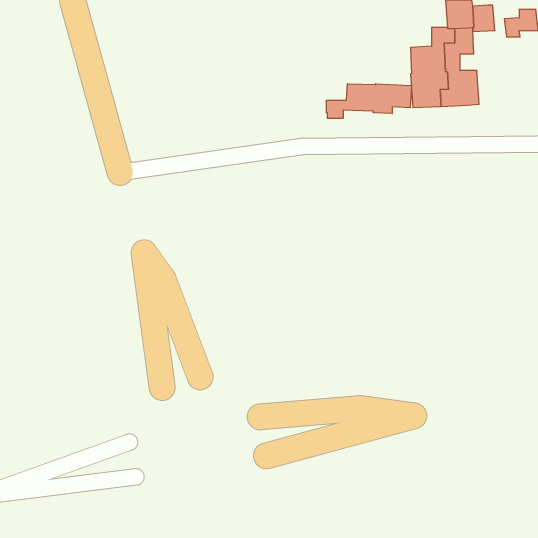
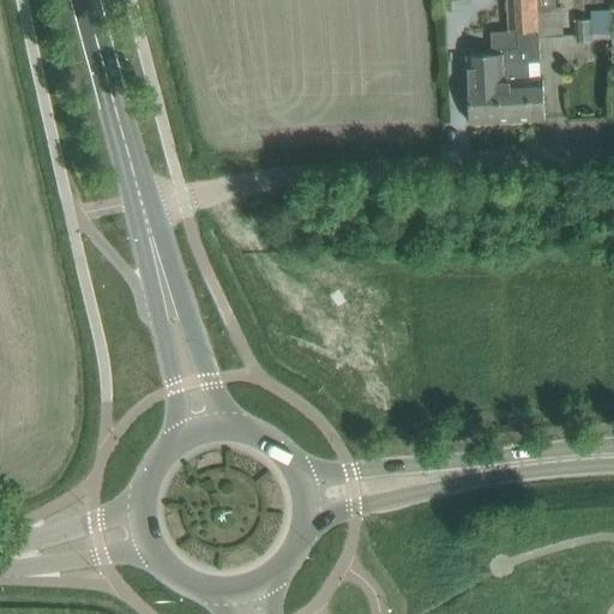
building: [326,84,411,118] -> none

